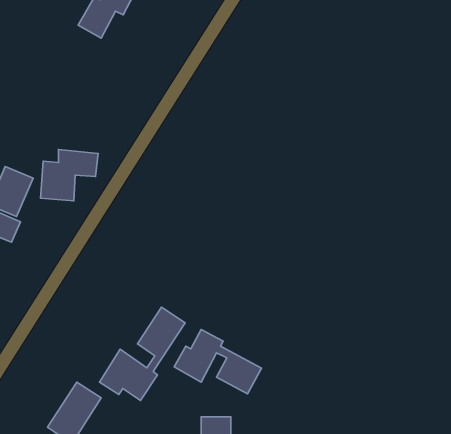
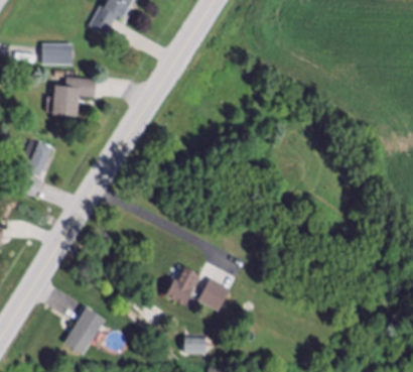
building: none -> [41,42,73,65]
building: [40,150,98,201] -> [51,76,97,116]
building: [99,307,185,400] -> none

